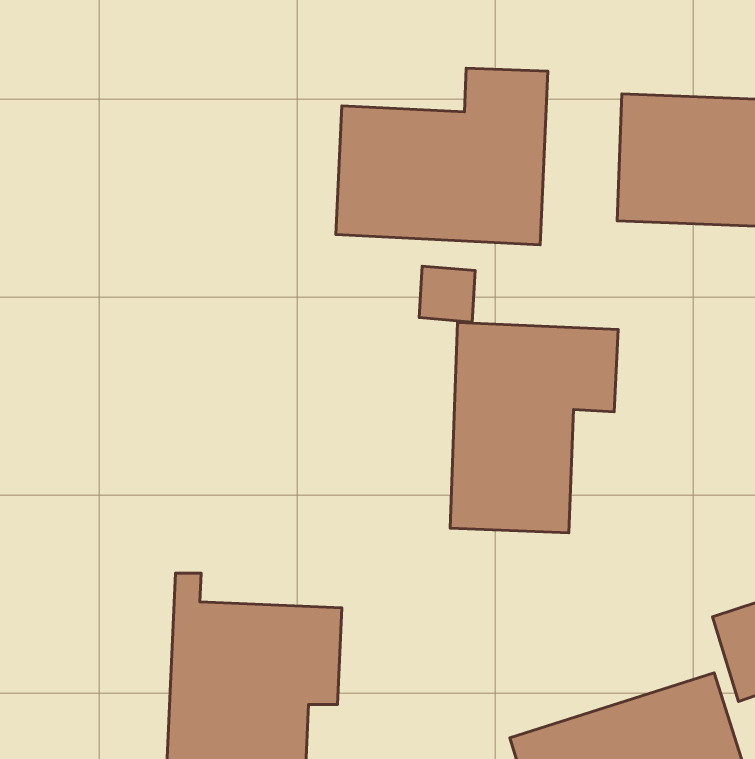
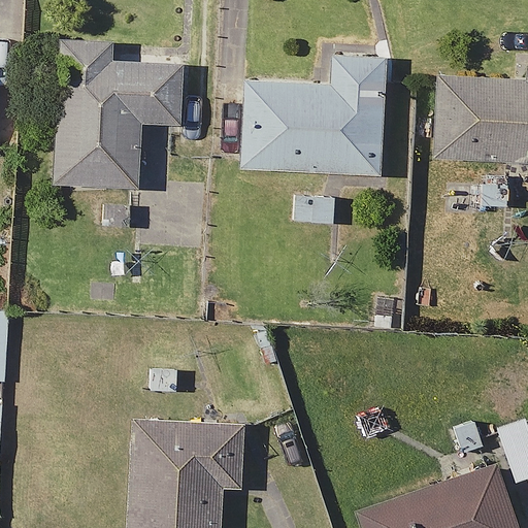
building: none -> [52,48,184,190]
building: [450,323,618,533] -> none

